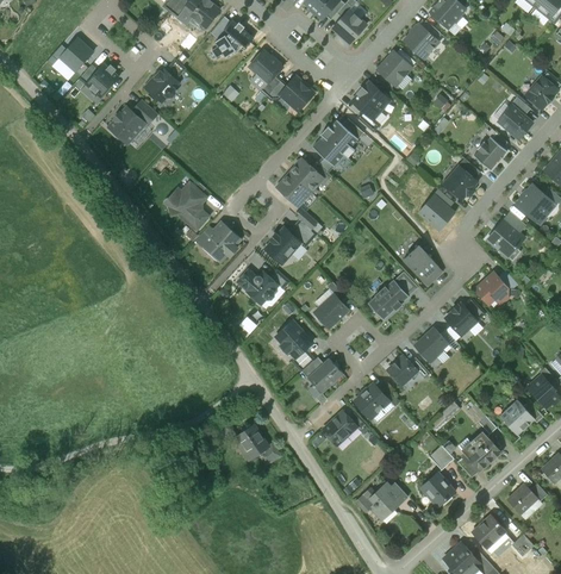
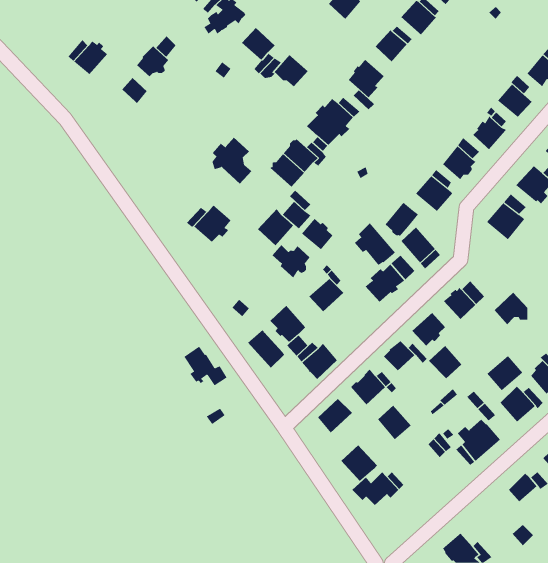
building: [55,32,95,73] -> none
building: [108,106,144,143] -> none
building: [168,182,207,229] -> [212,137,252,185]
building: none -> [385,202,419,237]
building: none -> [301,218,333,250]
building: none -> [354,222,396,266]
building: [238,270,276,304] -> [271,244,311,278]
building: [474,272,507,304] -> [494,292,528,325]
building: none -> [247,329,285,369]
building: none -> [428,345,462,379]
building: none -> [487,355,523,391]
building: [236,424,279,463] -> [183,346,228,386]
building: none -> [340,445,378,482]
building: [420,472,454,506] -> [377,405,411,440]
building: [472,514,505,548] -> none

